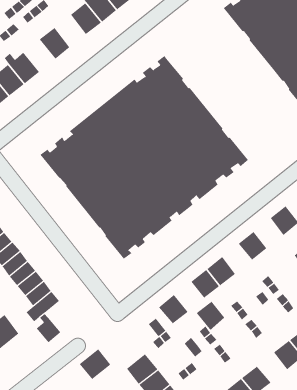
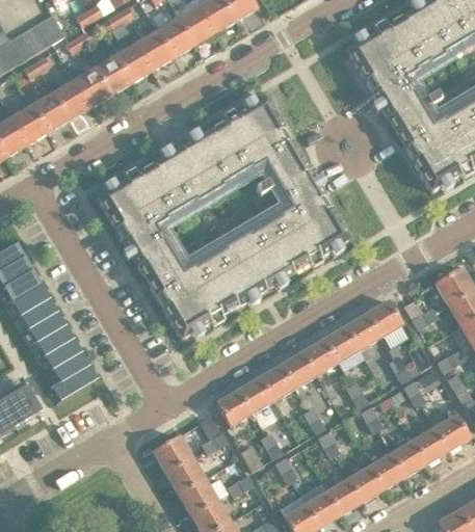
building: none -> [136,30,173,70]
building: none -> [89,54,131,95]
building: none -> [345,313,380,349]
building: none -> [302,339,338,375]
building: [196,301,225,331] -> [237,377,272,414]
building: [36,313,61,343] -> none
building: [79,349,111,380] -> [152,435,191,473]
building: none -> [326,478,362,514]

